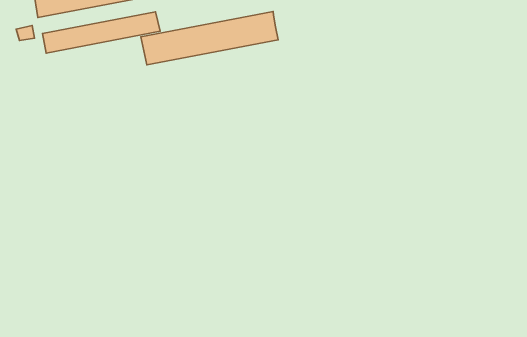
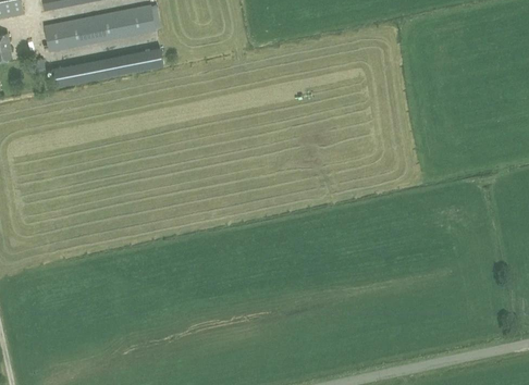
building: [141,11,278,65] -> none

